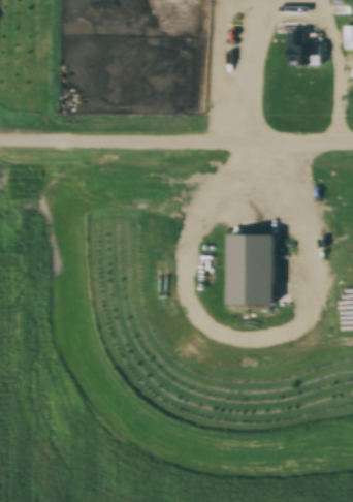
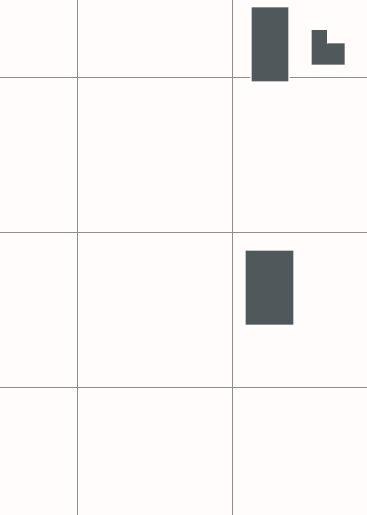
building: none -> [251,7,289,82]

